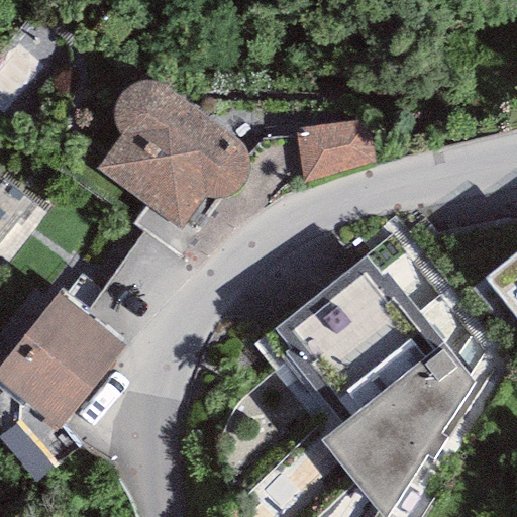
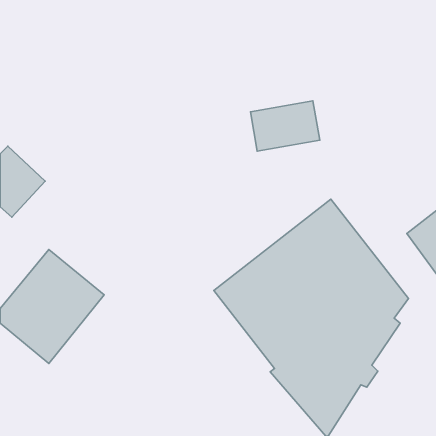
building: [95,81,251,231] -> none

